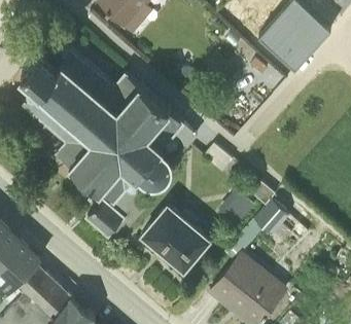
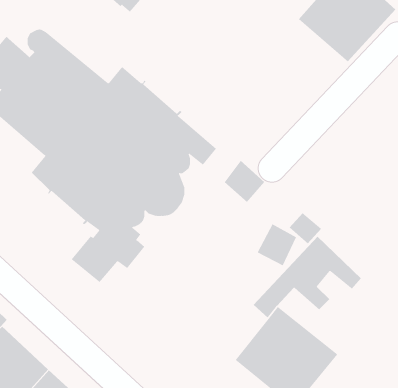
building: [141,200,210,266] -> none

